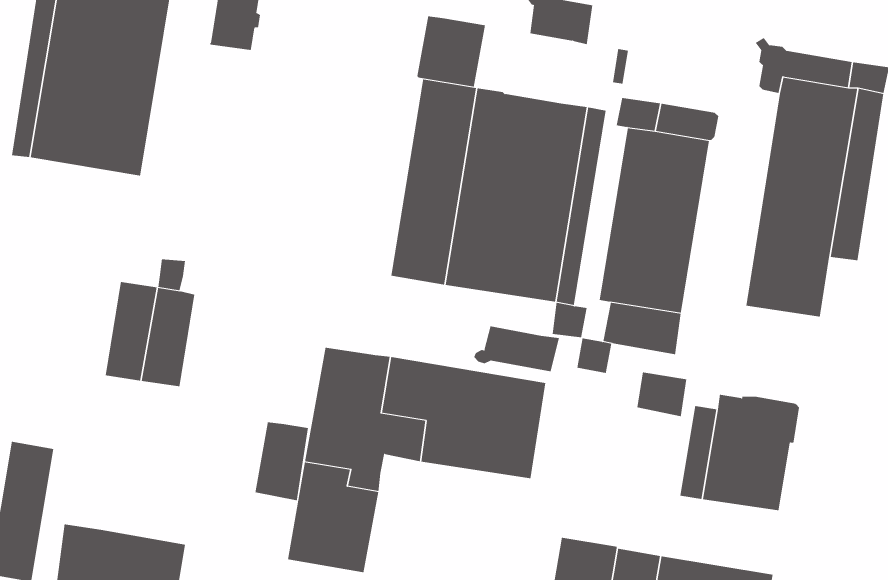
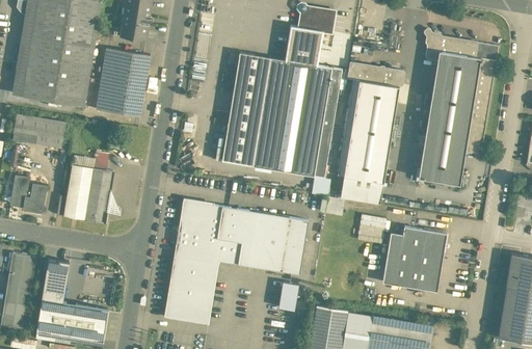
building: [416,16,486,87] -> [284,26,322,65]
building: none -> [96,48,150,116]
building: none -> [11,113,65,147]
building: none -> [10,174,46,212]
building: [473,325,559,372] -> none
building: [255,421,309,501] -> none
building: none -> [41,271,66,301]
building: none -> [277,281,297,310]

